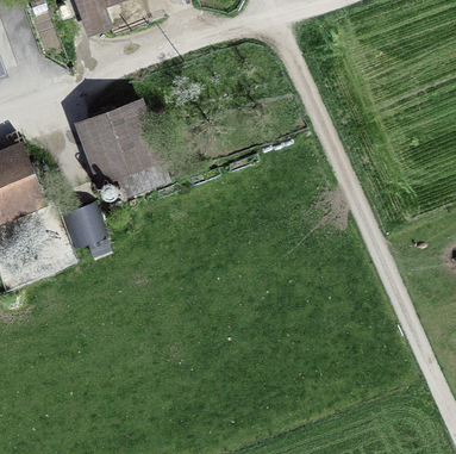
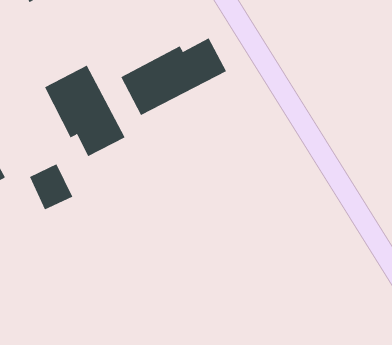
building: none -> [120,38,227,116]

